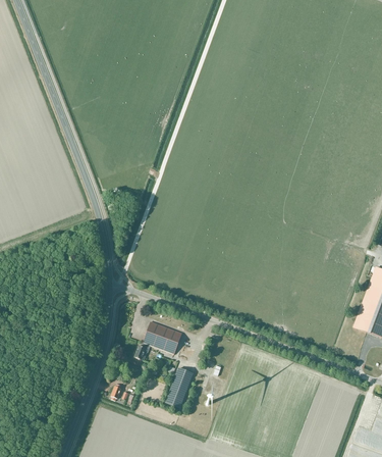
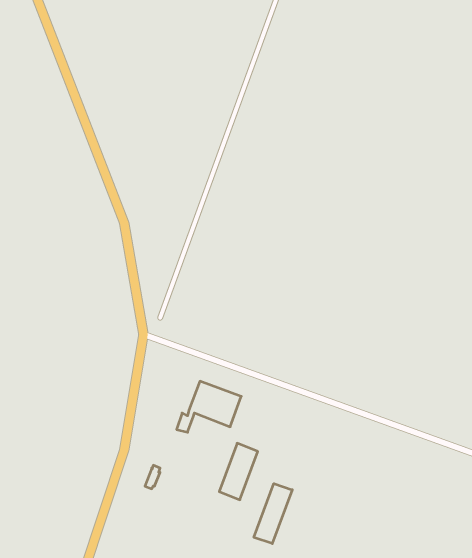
building: none -> [254,484,292,544]

